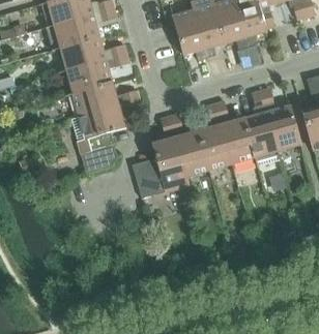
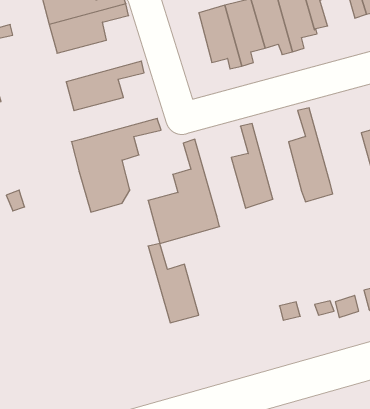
building: [60,37,127,70] -> none
building: [74,83,140,116] -> none
building: [261,88,301,151] -> none
building: [215,100,255,163] -> none
building: [170,114,210,177] -> [148,243,199,323]

